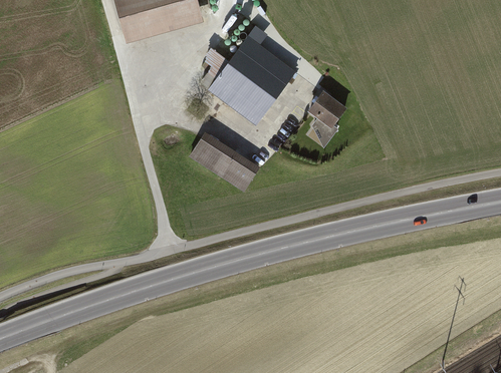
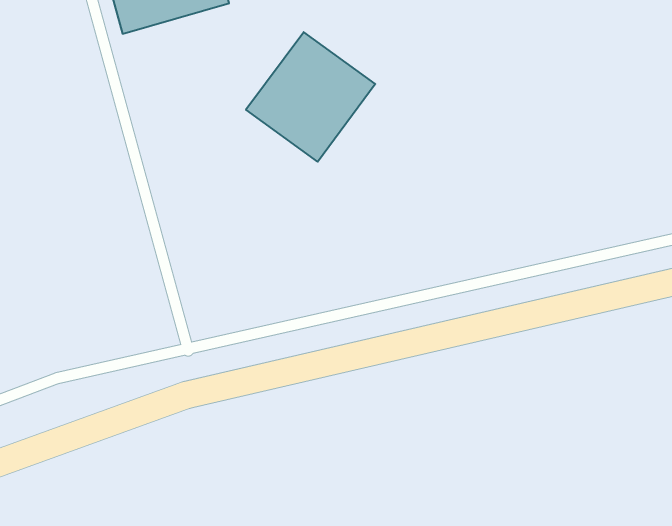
building: [308,88,346,147] -> none
building: [190,130,259,189] -> none

